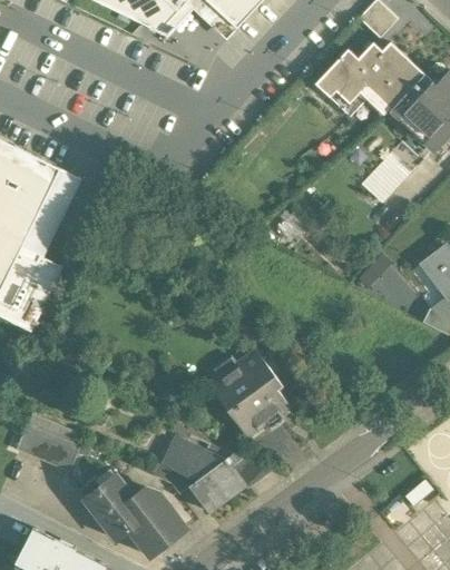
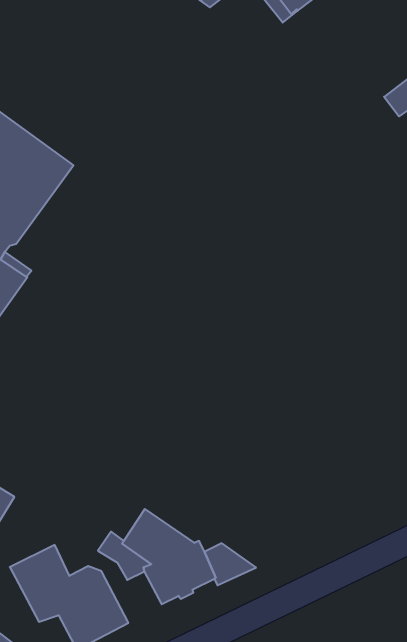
building: [209,352,292,439] -> none

